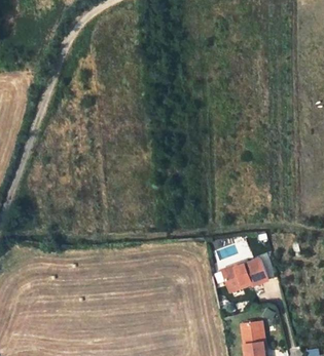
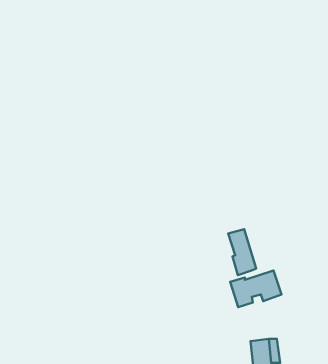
building: none -> [228,229,256,275]

